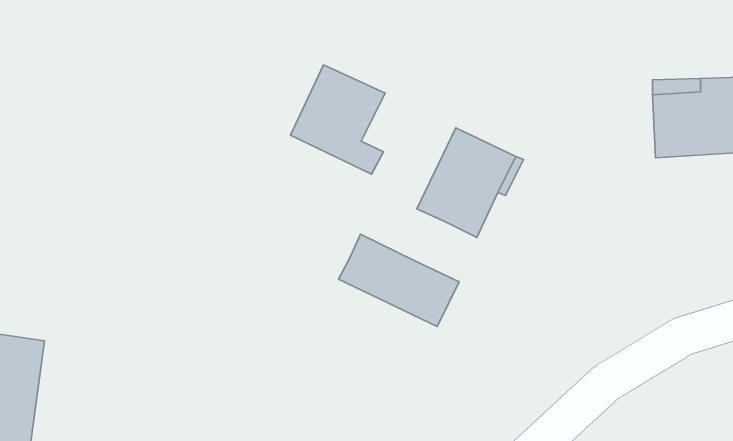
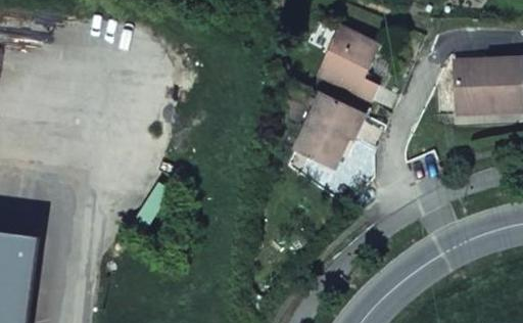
building: [290,65,385,174] -> [315,26,379,100]
building: [339,234,459,327] -> none

